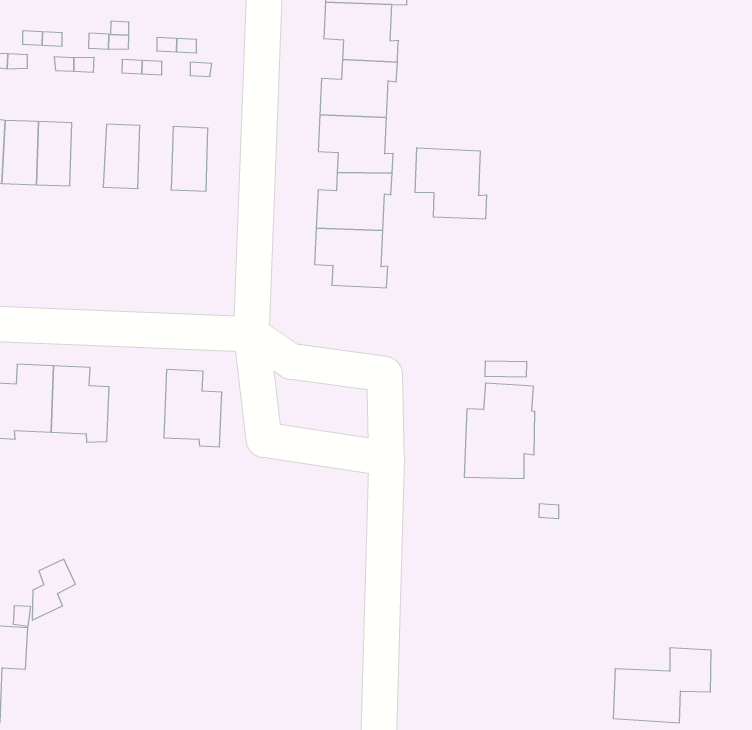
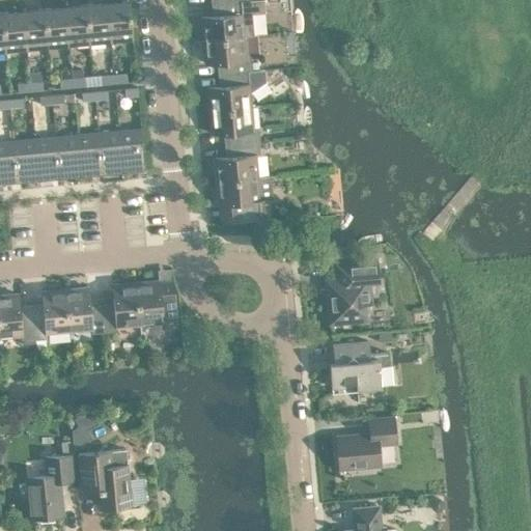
building: none -> [56,136,81,177]
building: none -> [99,132,123,173]
building: [415,148,486,219] -> none
building: none -> [102,283,140,333]
building: none -> [330,342,387,391]
building: none -> [78,452,140,509]
building: [613,648,711,723] -> [336,418,397,469]

